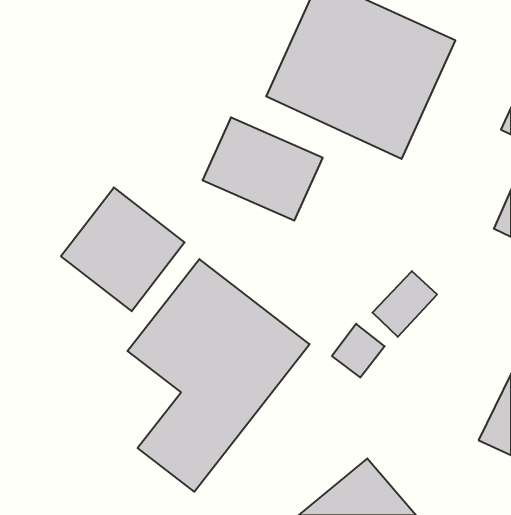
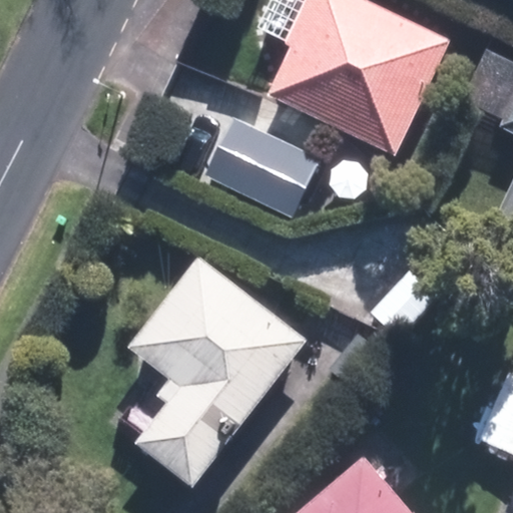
building: [61,187,185,311] -> none

